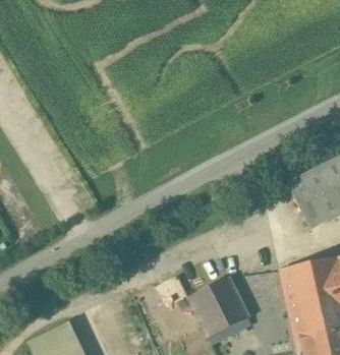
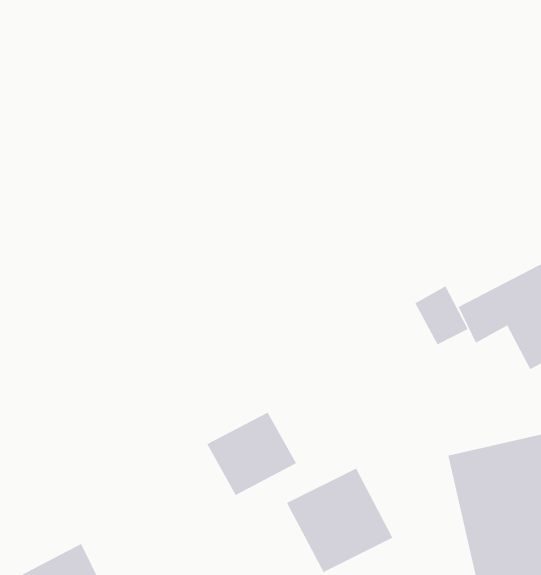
building: [297,193,329,228] -> [414,286,469,345]
building: none -> [207,412,297,496]

